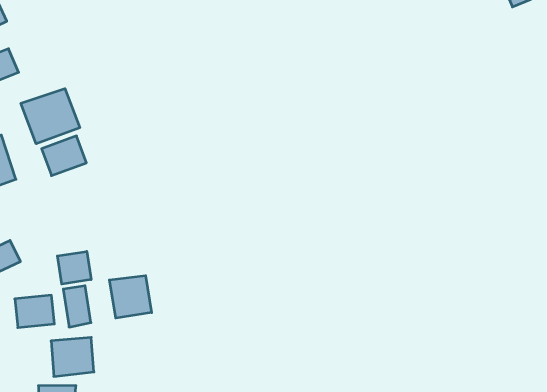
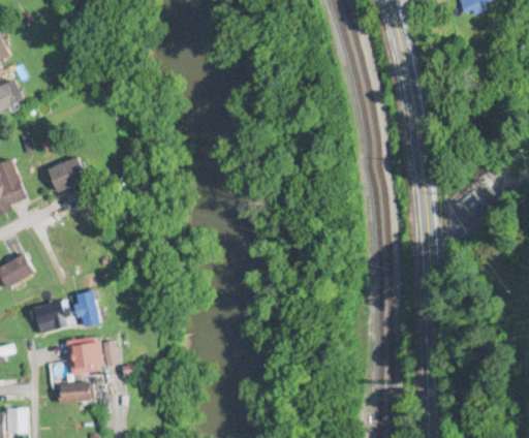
building: [21,89,80,144] -> none
building: [57,251,91,284] -> none
building: [109,276,152,318] -> none

